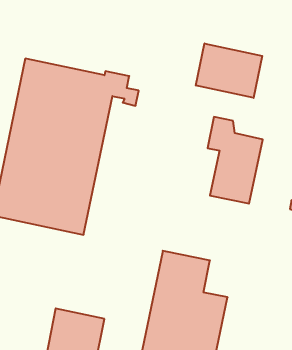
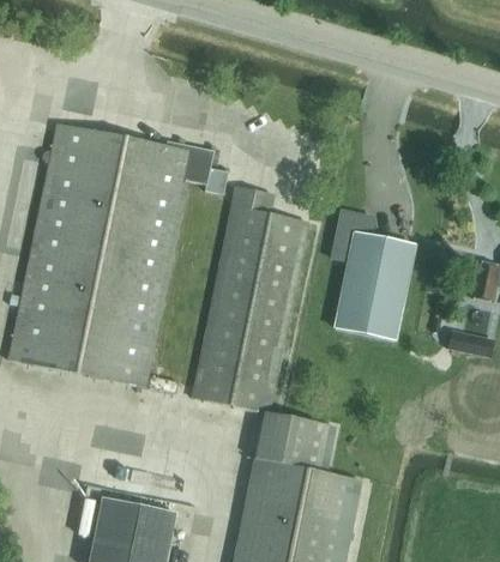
building: [196,43,262,98] -> none
building: none -> [193,186,309,411]

